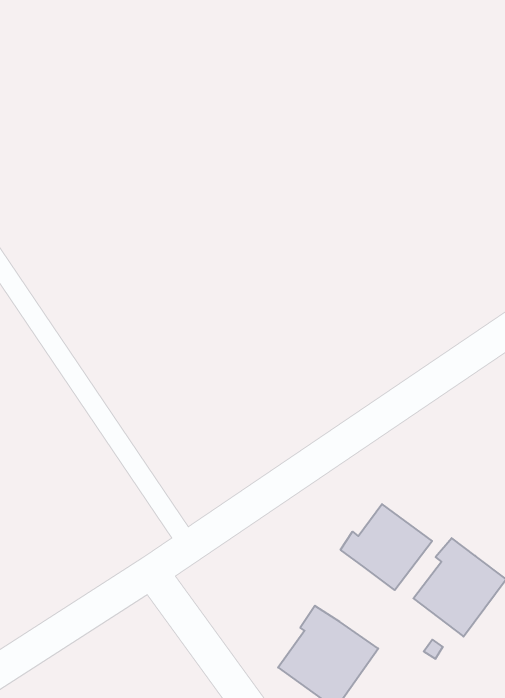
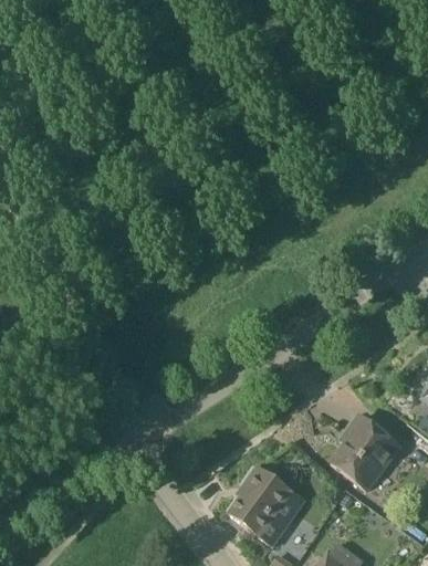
building: [341,504,432,590] -> none

